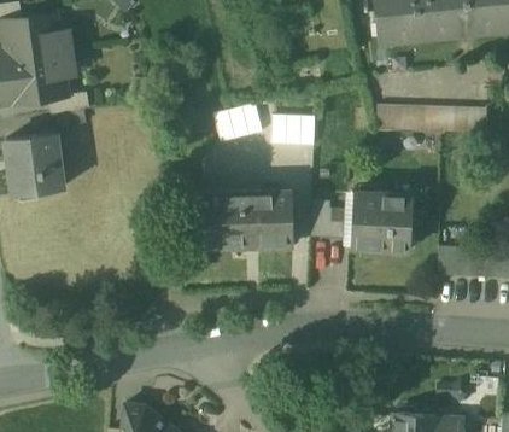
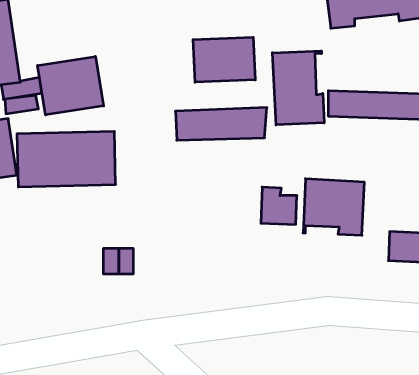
building: none -> [193,37,255,82]
building: none -> [272,51,324,125]
building: none -> [38,56,104,115]
building: [195,192,294,247] -> [17,131,116,187]

